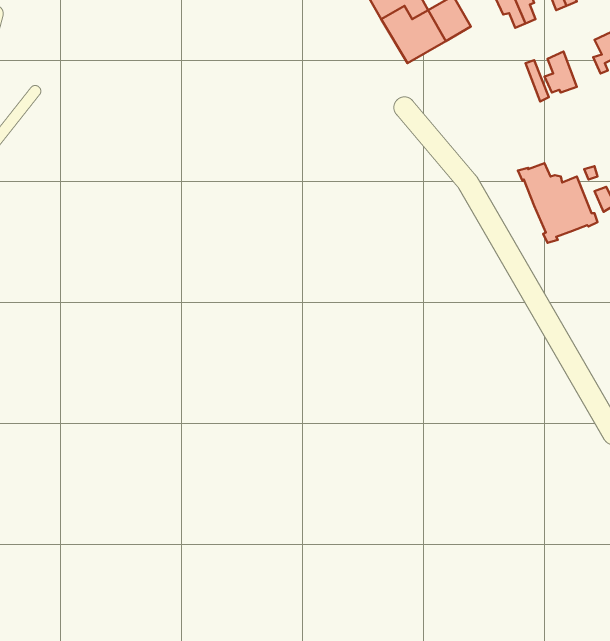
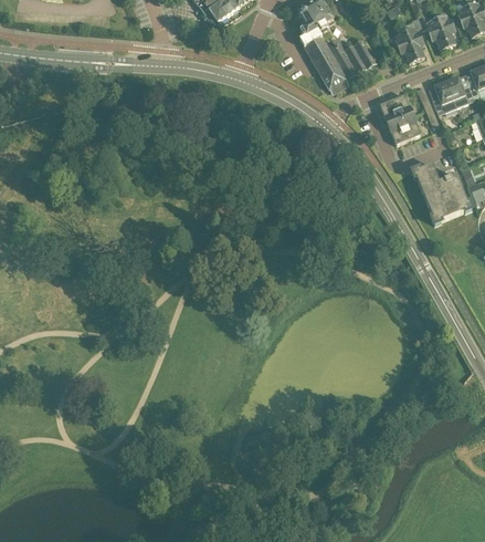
building: none -> [445,75,473,106]
building: none -> [379,94,420,144]

